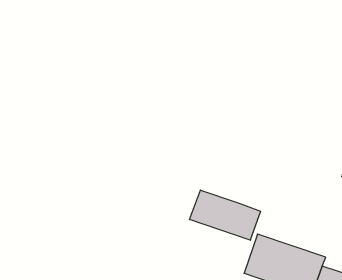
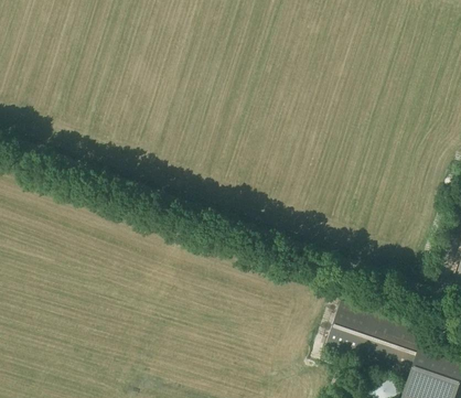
building: [190,190,261,240] -> none

